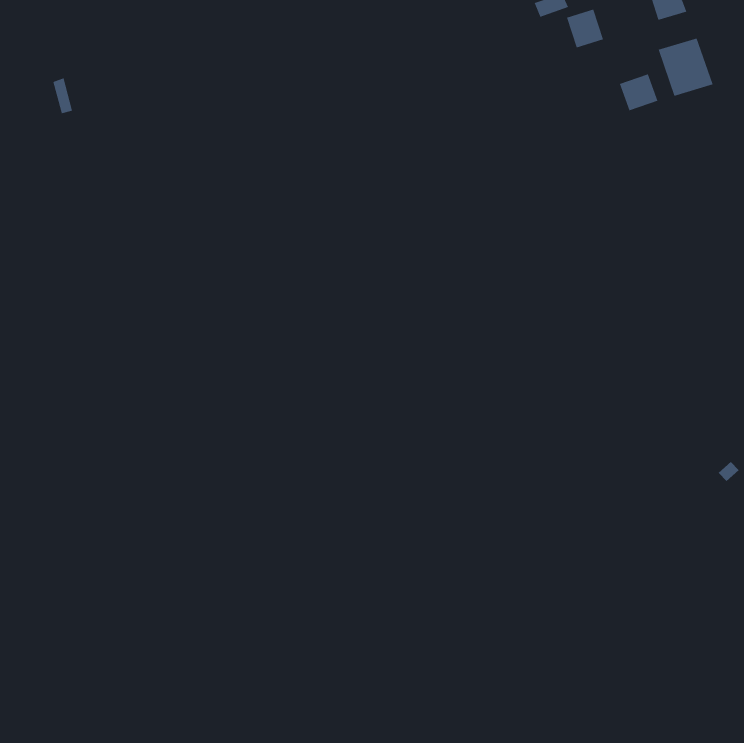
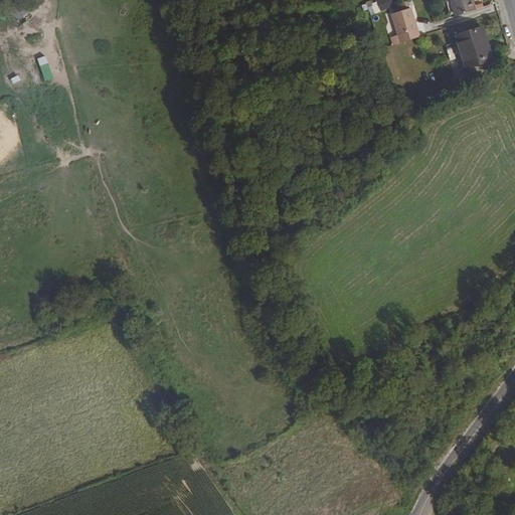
building: [619,73,658,111] -> none

